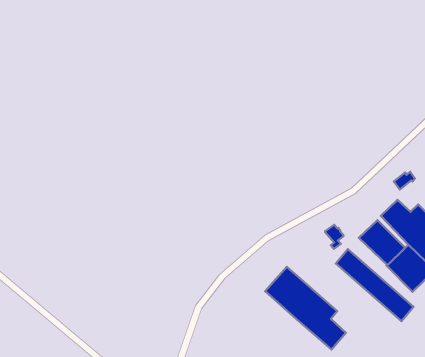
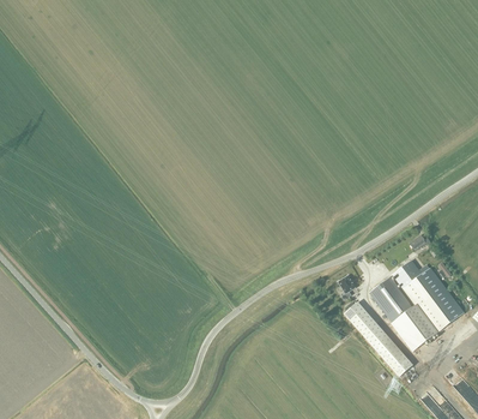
building: [265,267,346,349] -> none

